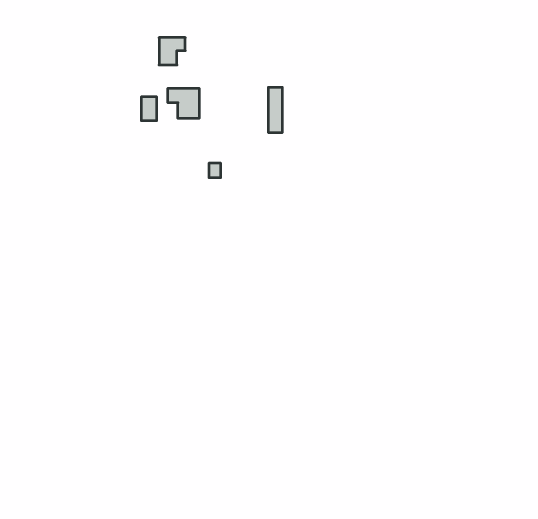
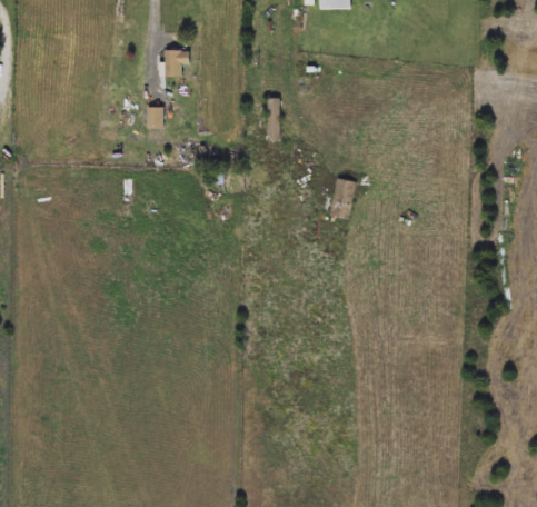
building: [168,88,199,118] -> none
building: none -> [329,178,356,219]

